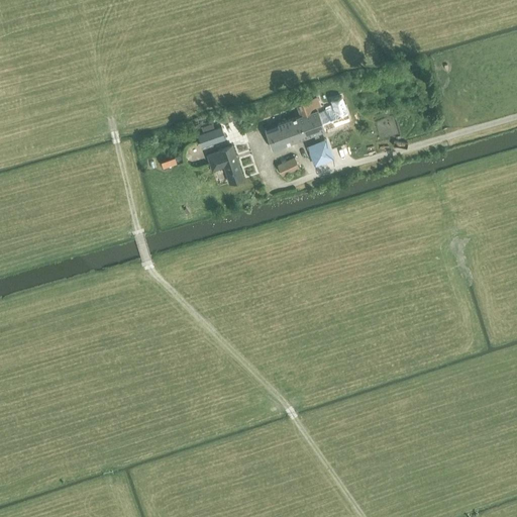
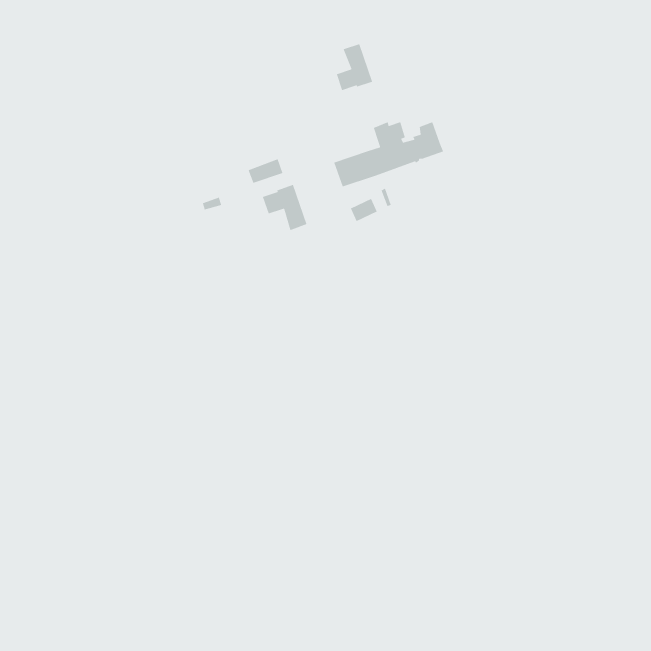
building: none -> [336,43,373,91]
building: [306,139,333,167] -> none

